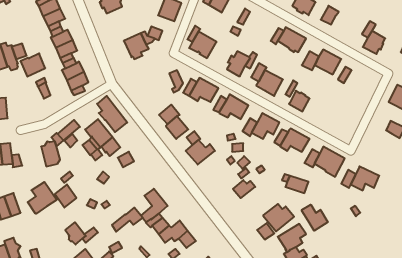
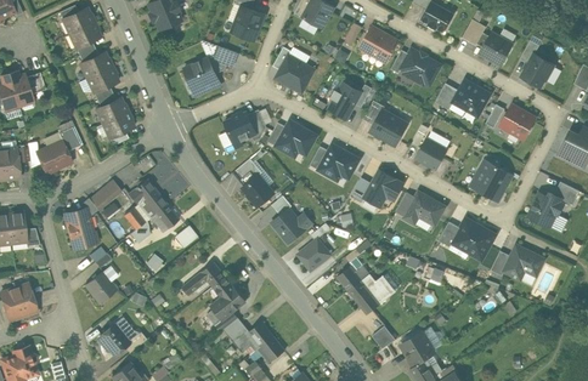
building: none -> [361,27,398,61]
building: none -> [477,32,513,64]
building: [20,53,45,77] -> [36,141,72,174]
building: none -> [501,104,536,138]
building: none -> [225,112,256,143]
building: none -> [469,159,514,203]
building: none -> [528,192,564,226]
building: none -> [295,237,332,273]
building: [28,182,57,214] -> none
building: [263,204,294,231] -> [349,274,392,313]
building: [302,205,328,231] -> none
building: [112,208,143,232] -> [182,262,226,296]

